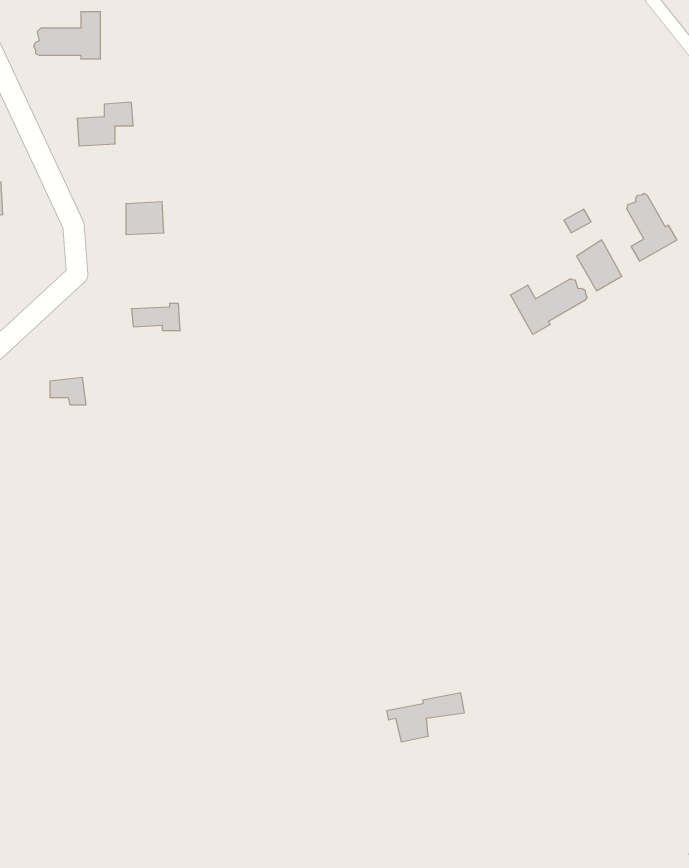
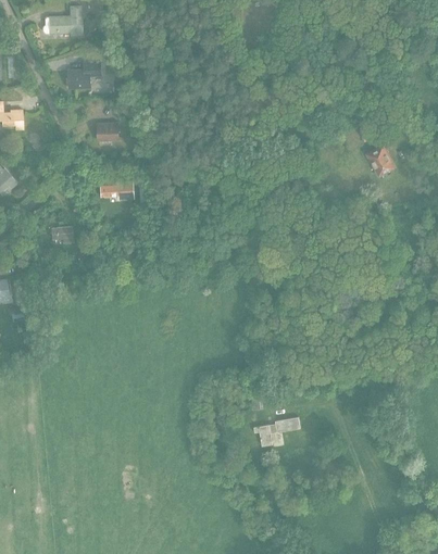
building: [627,193,677,261] -> none
building: [510,279,587,334] -> none

